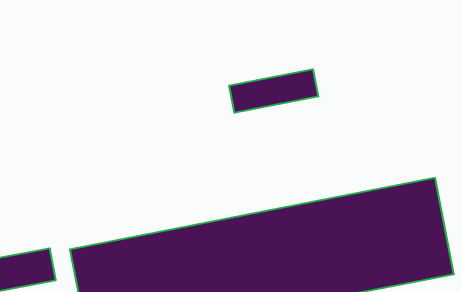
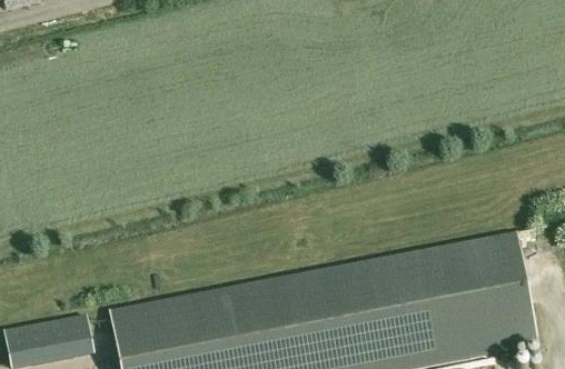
building: [229,69,318,113] -> none

